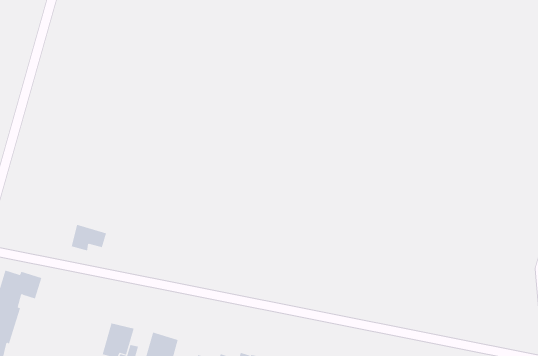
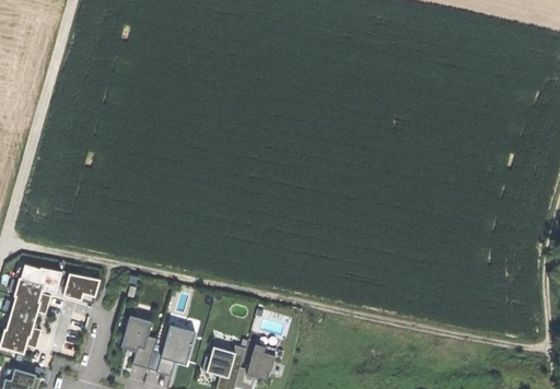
building: [71,224,107,251] -> [65,272,100,298]

